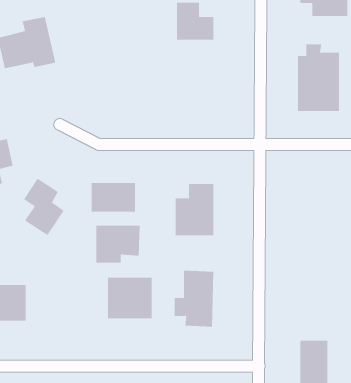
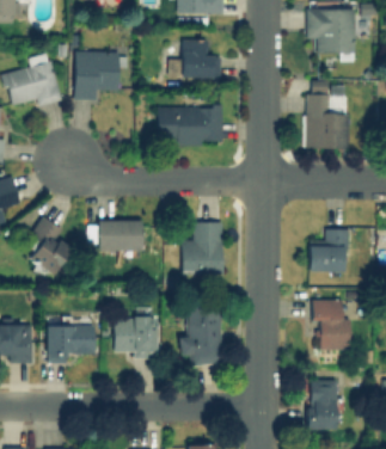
building: none -> [74,51,120,99]
building: none -> [159,107,221,146]
building: none -> [308,230,347,271]
building: [95,225,141,263] -> [49,325,94,363]
building: none -> [314,301,349,350]

